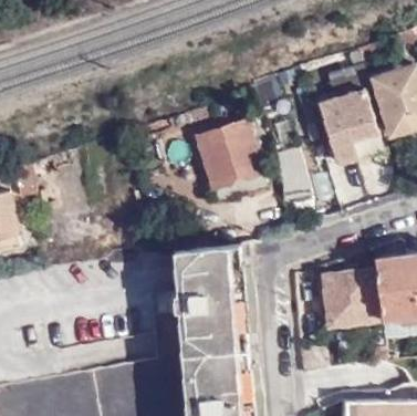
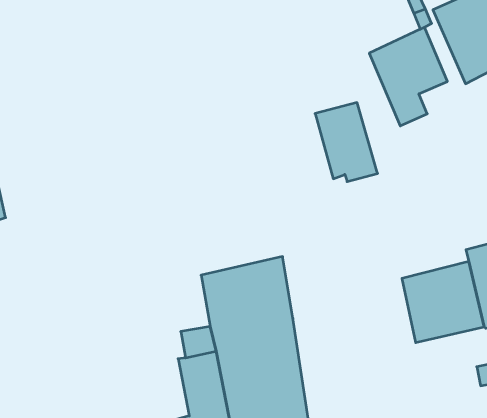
building: [199,117,263,190] -> none

